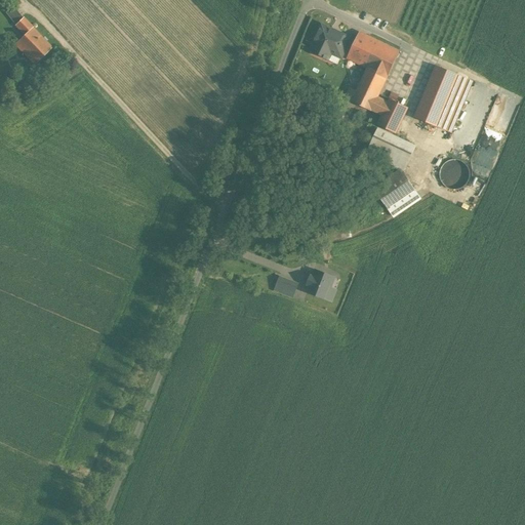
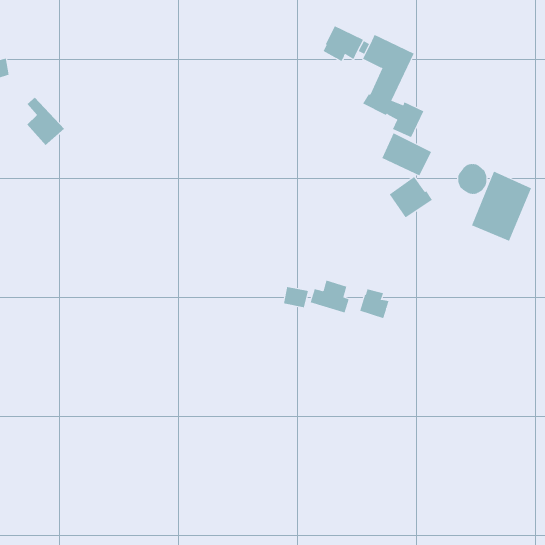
building: [14,16,51,64] -> [26,97,65,146]
building: [413,65,472,132] -> [471,171,532,242]
building: none -> [359,288,389,319]

